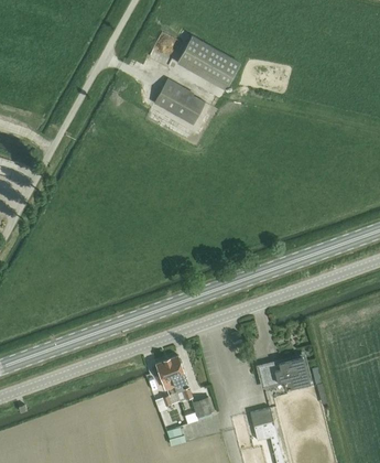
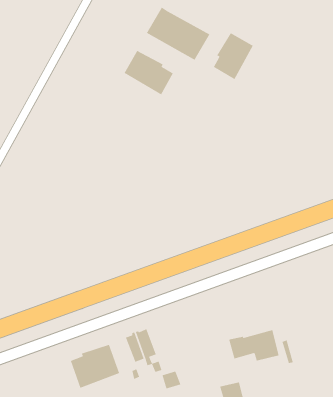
building: none -> [213,32,254,80]
building: none -> [70,344,120,389]

